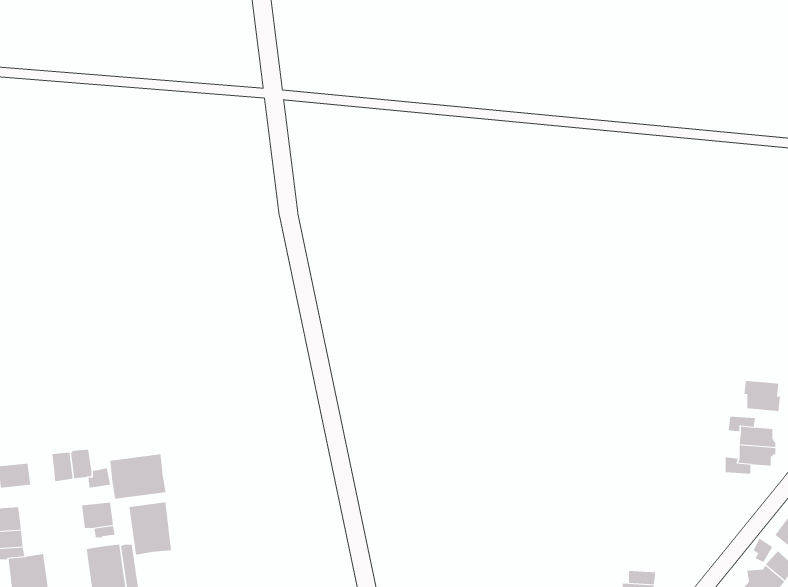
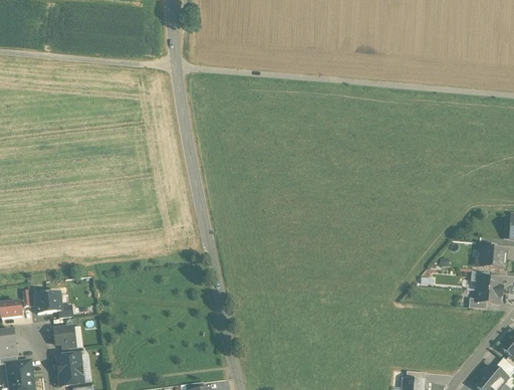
building: [110,454,166,500] -> none
building: [129,502,171,555] -> none

